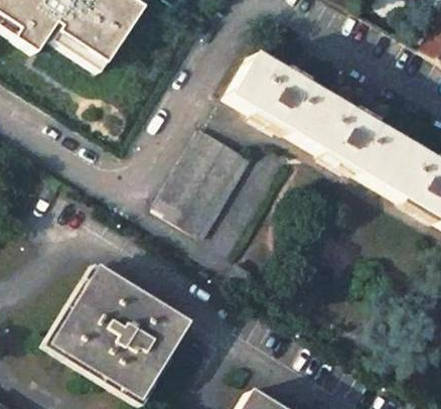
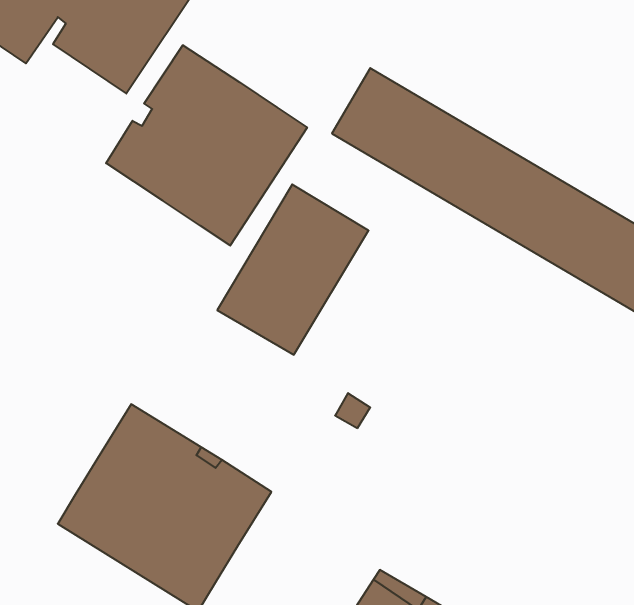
building: none -> [106,45,307,246]

